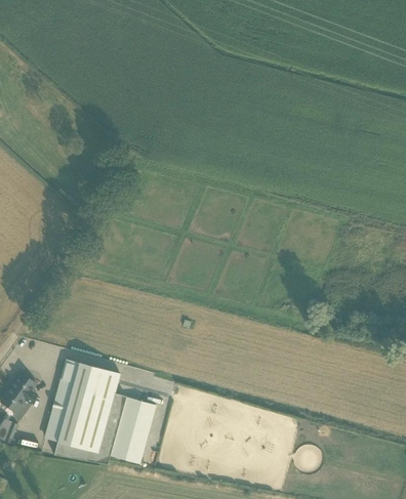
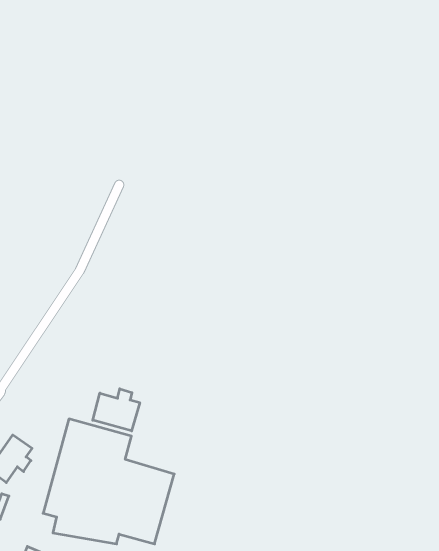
building: none -> [93,389,140,431]

